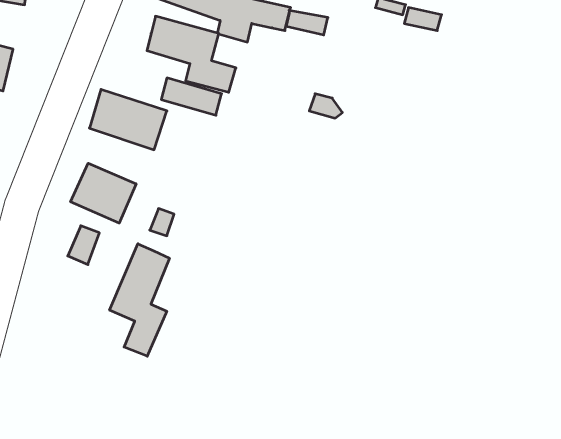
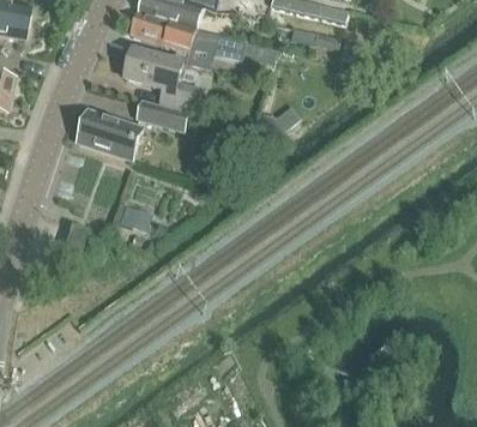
building: [71,163,136,223] -> none
building: [110,244,169,356] -> none

